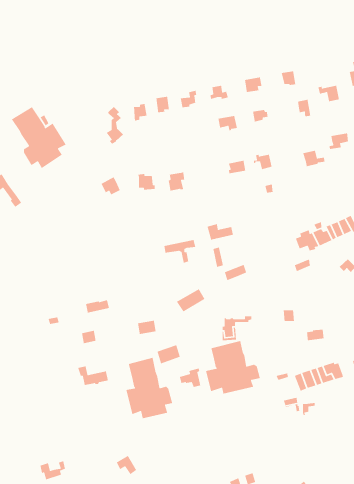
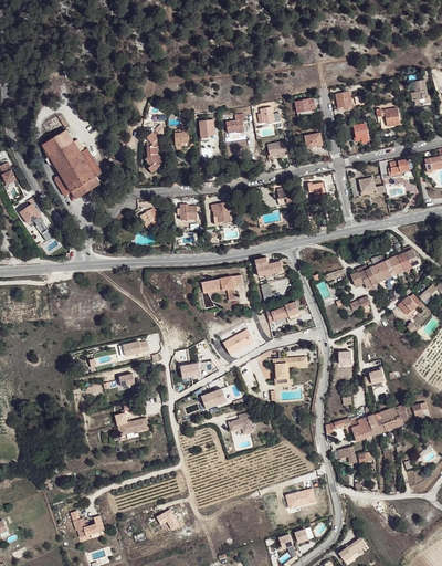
building: [205,340,261,395] -> none
building: [125,357,173,419] -> none
building: none -> [284,488,315,510]

